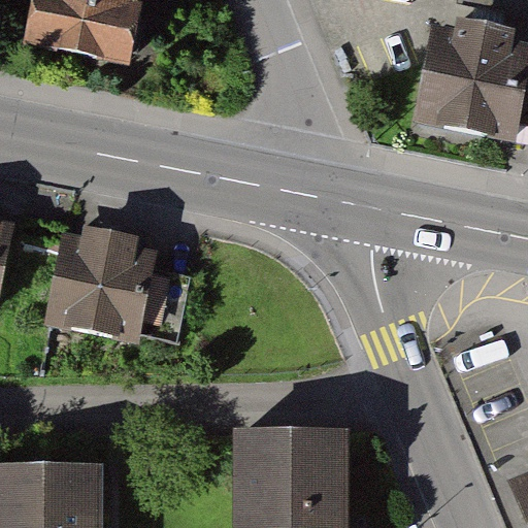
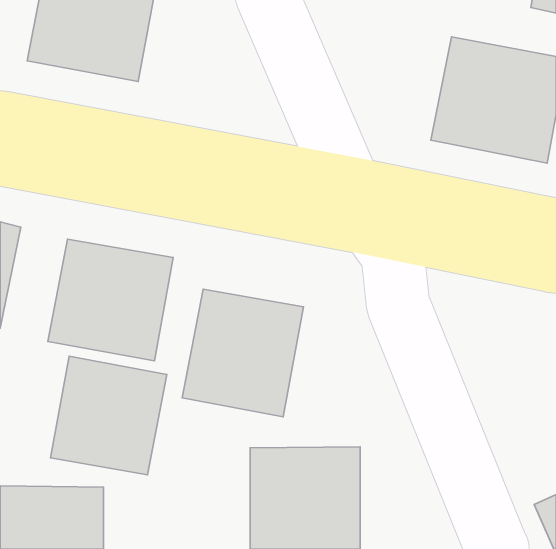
building: none -> [182,289,304,417]
building: none -> [51,356,167,475]

